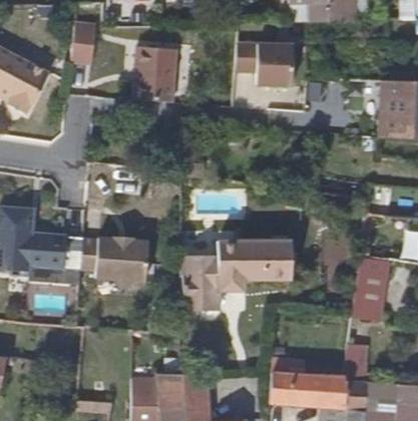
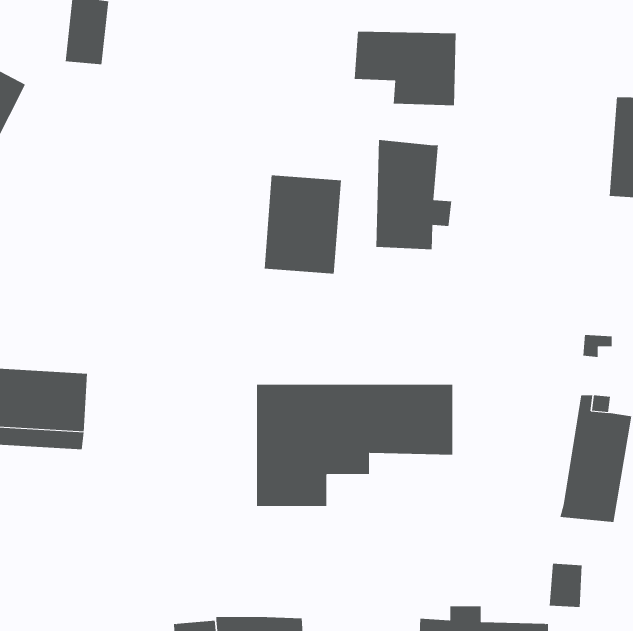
building: [132,45,176,101] -> [264,175,342,274]
building: none -> [376,139,452,250]
building: [99,237,151,282] -> none

